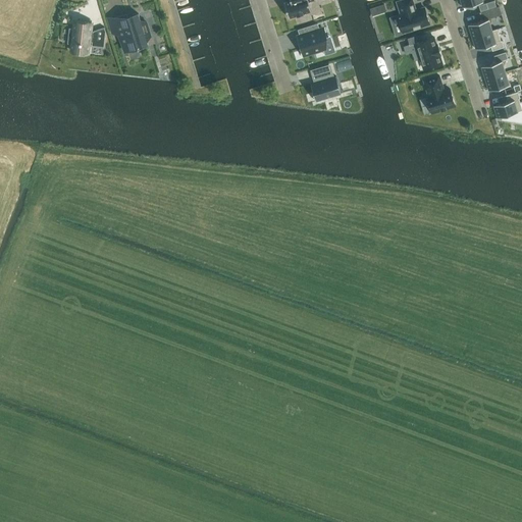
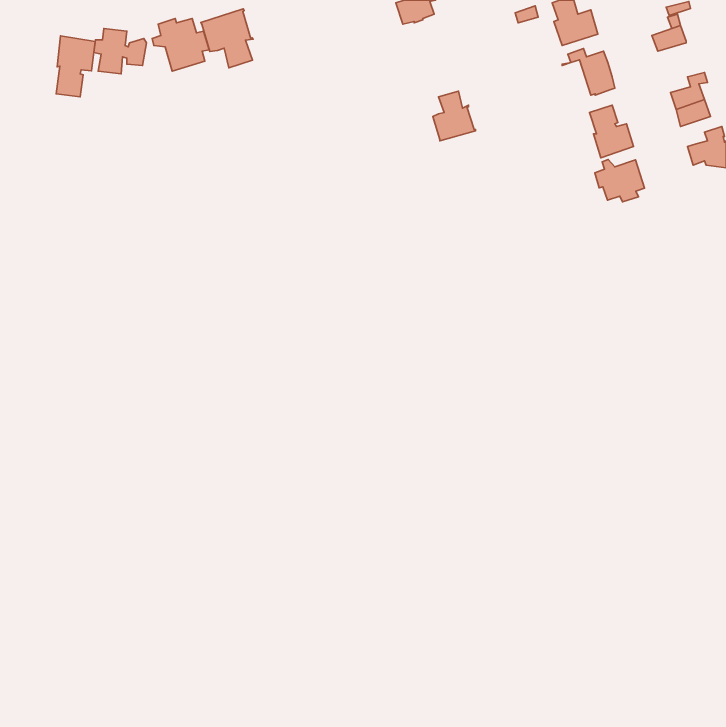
building: none -> [201,9,253,68]
building: none -> [56,36,95,97]
building: [297,28,325,56] -> none
building: [471,29,503,51] -> none
building: none -> [595,159,644,202]

